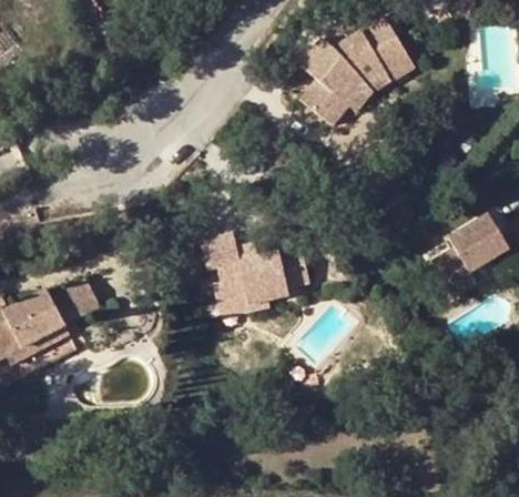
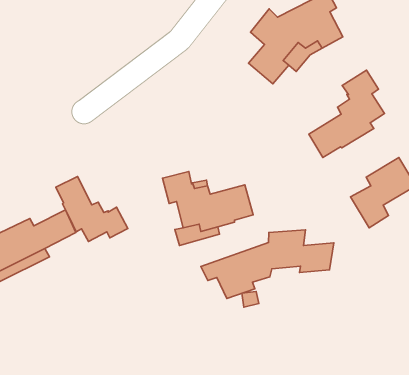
building: none -> [309,70,385,157]
building: none -> [56,177,128,242]
building: none -> [201,230,334,298]

